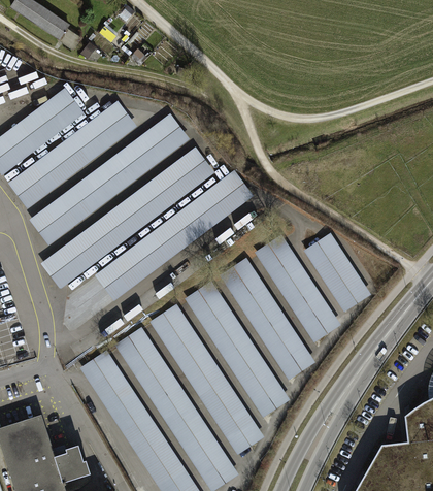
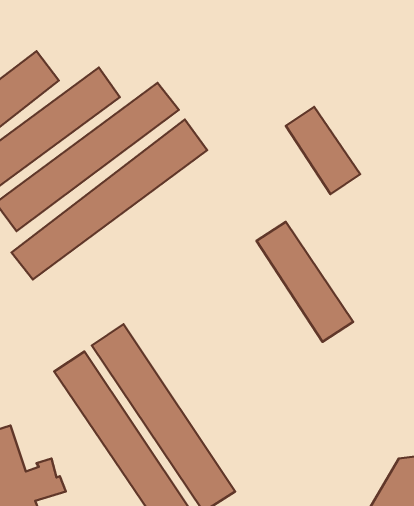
building: [95,171,252,301] -> none
building: [305,234,370,310] -> [286,107,360,194]
building: [220,259,314,379] -> none
building: [184,280,292,419] -> none
building: [151,305,263,453] -> none

